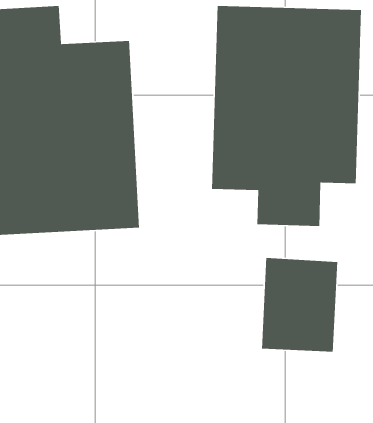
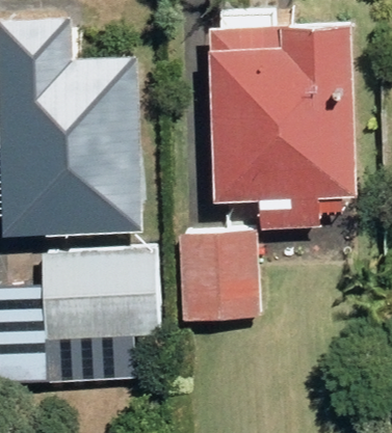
building: none -> [35,252,156,344]
building: [261,257,338,353] -> [180,232,253,322]

